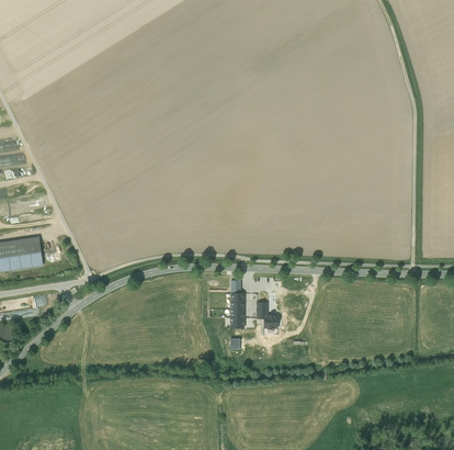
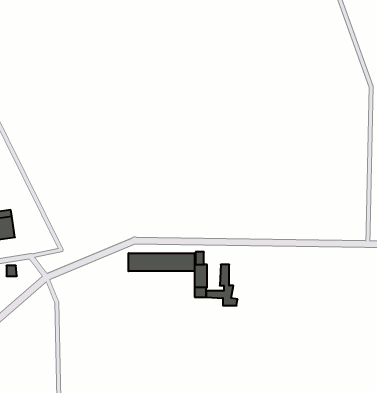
building: none -> [128,253,195,271]

